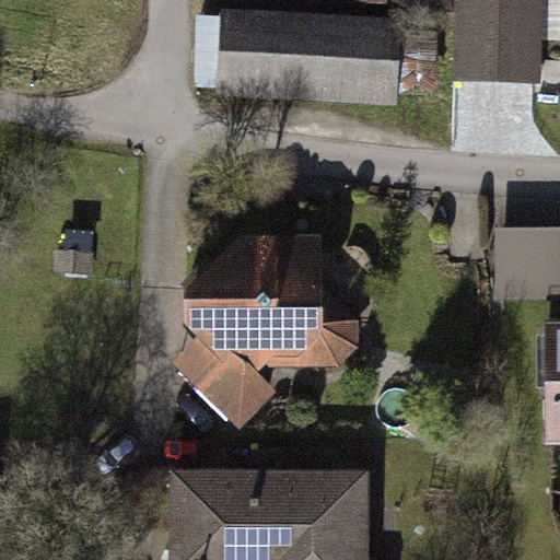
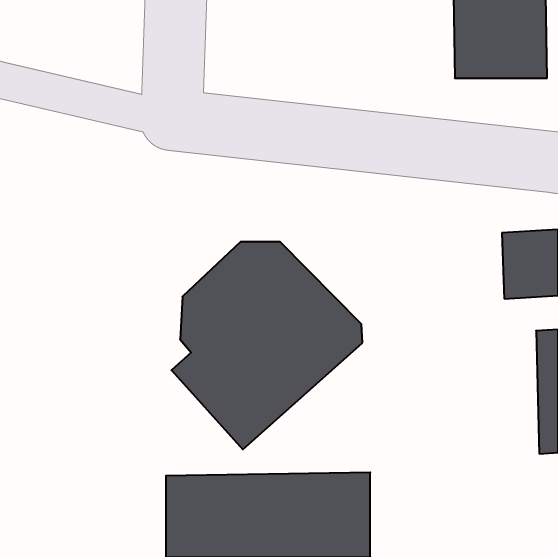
building: [223,11,400,105] -> none

